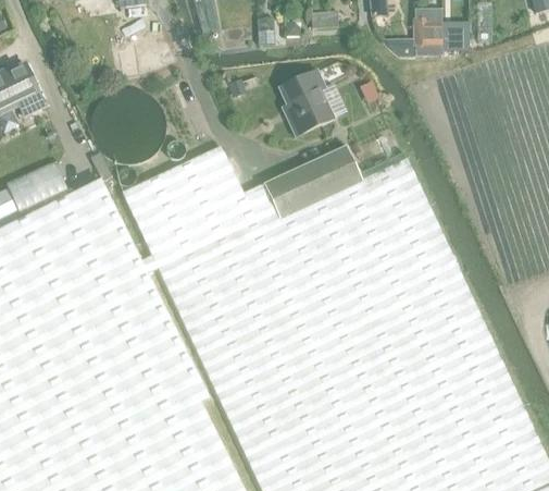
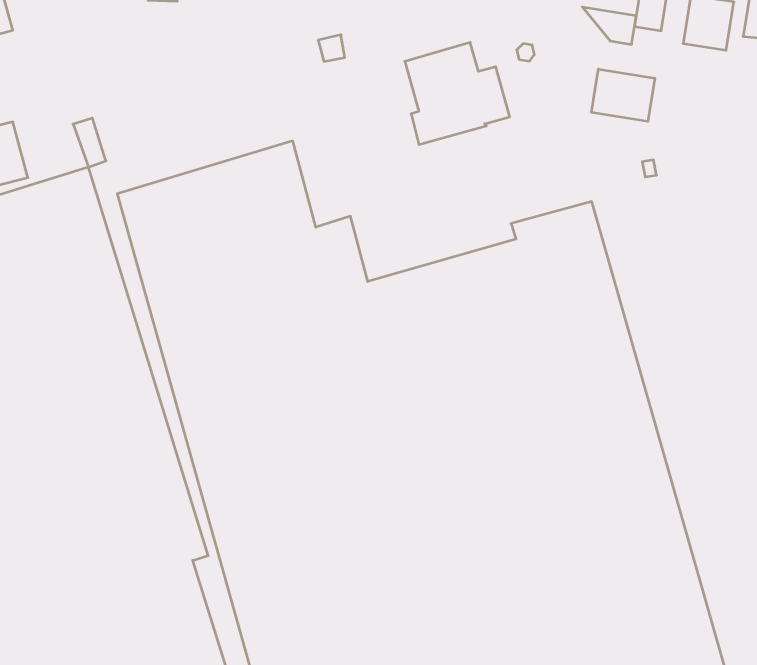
building: none -> [592,69,655,121]
building: [263,147,363,223] -> none

